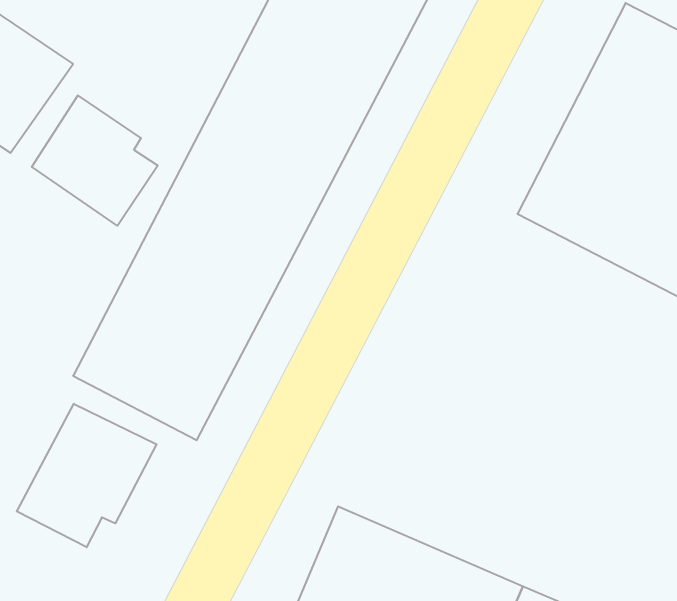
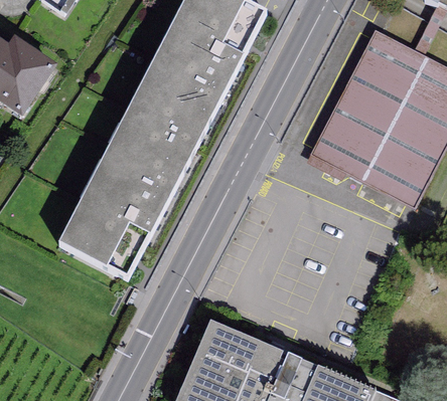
building: [32,95,158,226] -> none
building: [17,404,157,547] -> none

